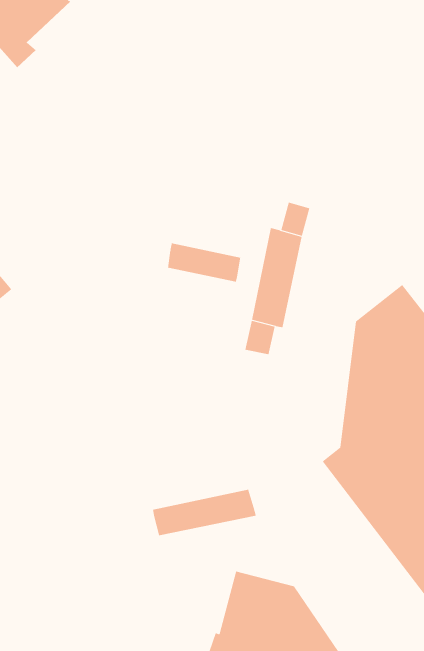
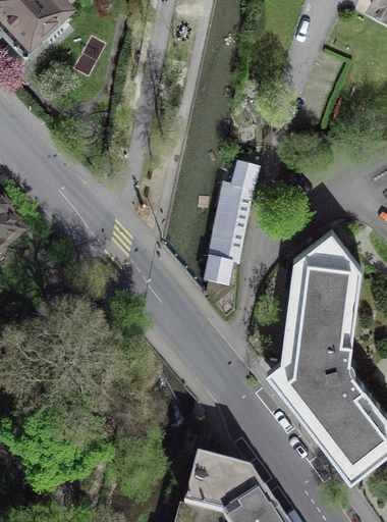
building: [168,242,241,283] -> none
building: [152,489,256,536] -> none

